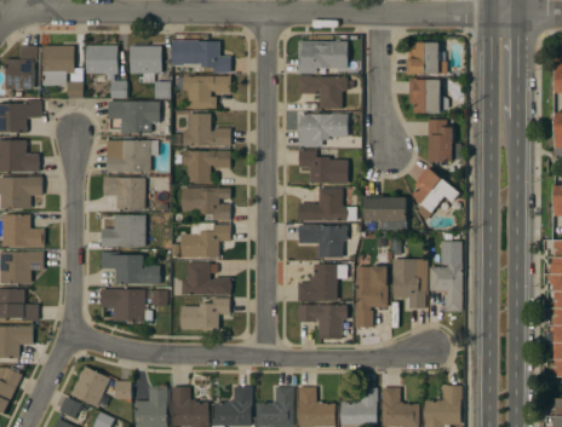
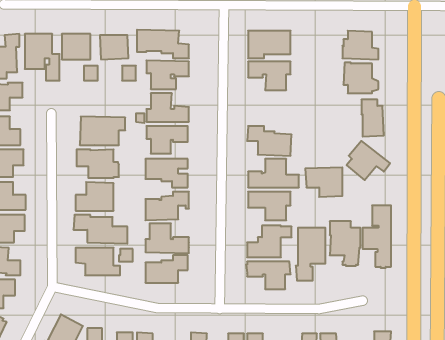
building: [108,100,159,133] -> none
building: [298,114,348,146] -> none

